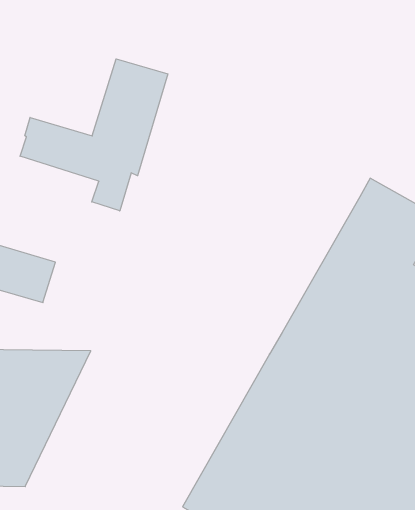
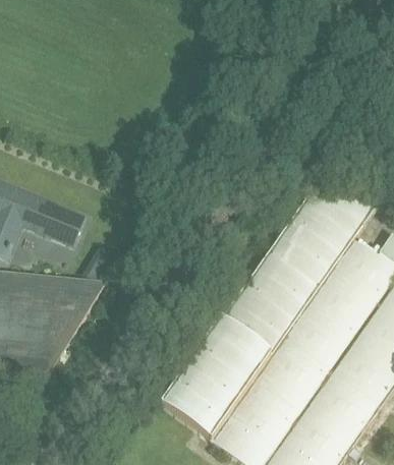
building: [20,59,168,211] -> none

